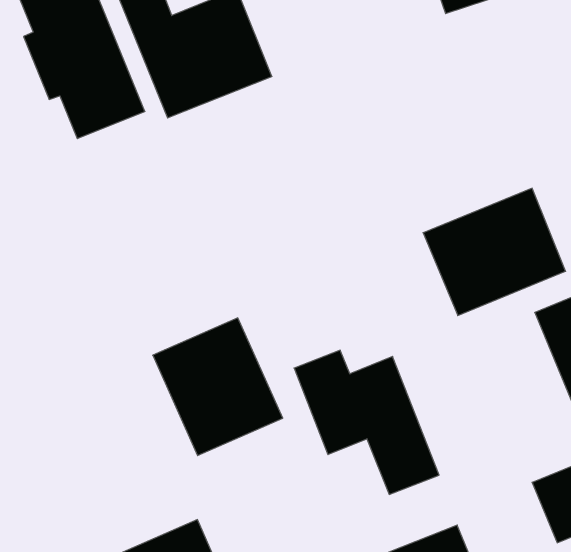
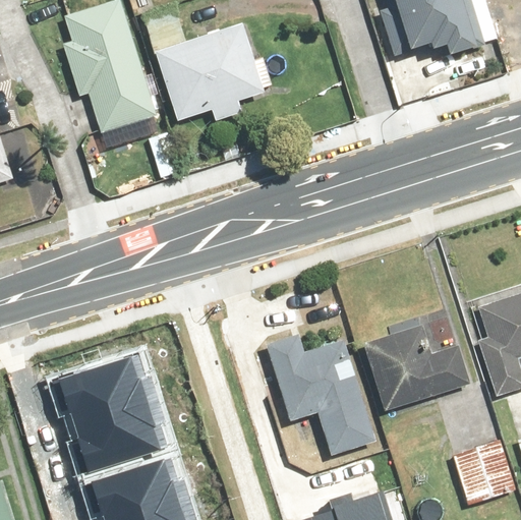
building: [423,188,566,316] -> [360,316,475,416]
building: [153,318,283,456] -> [64,359,167,470]

